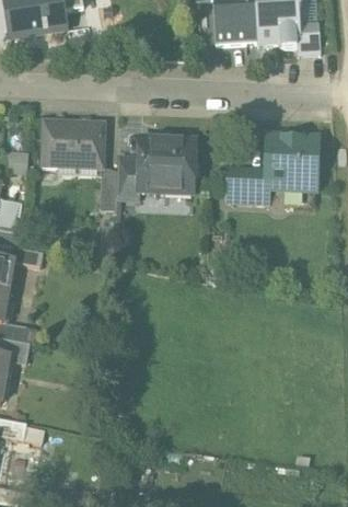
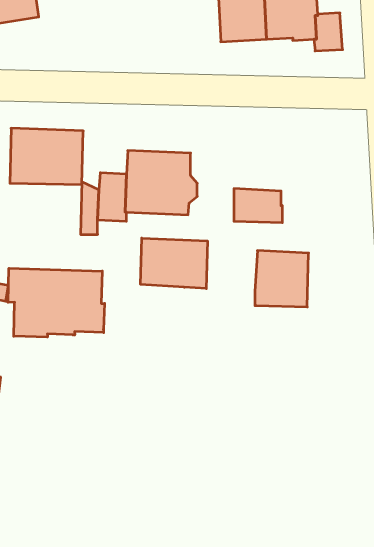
building: [269,137,314,184] -> [255,251,309,307]
building: none -> [141,238,207,289]
building: none -> [8,268,105,337]

